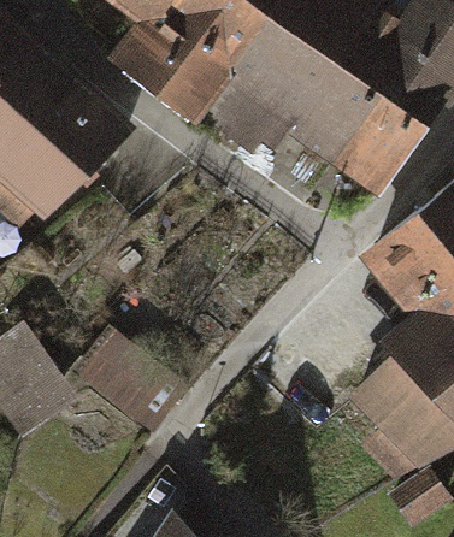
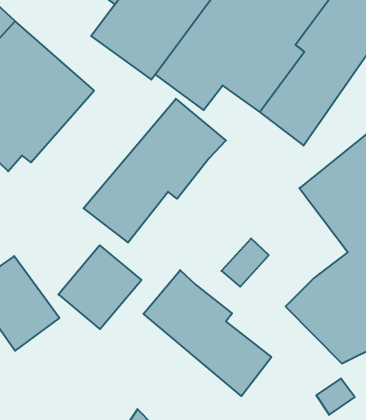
building: none -> [84,99,226,243]
building: none -> [143,270,271,396]

